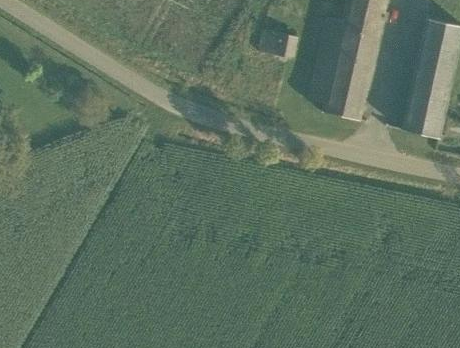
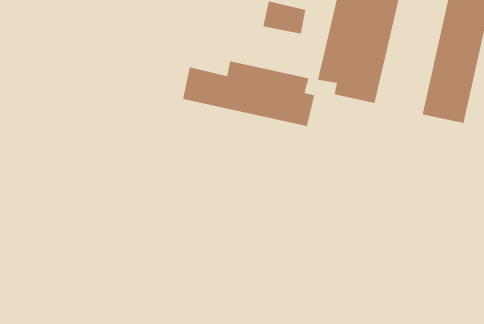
building: none -> [182,61,315,127]

